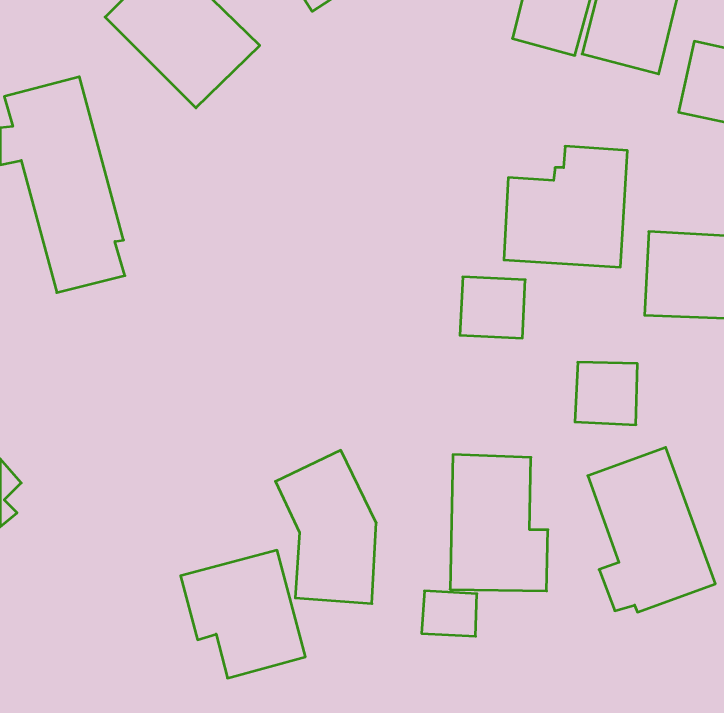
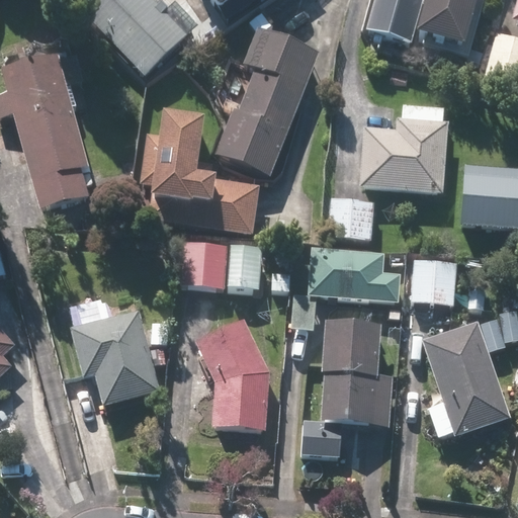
building: none -> [217,26,320,176]
building: none -> [141,115,259,229]
building: none -> [203,242,260,290]
building: none -> [307,248,400,299]
building: [181,550,305,678] -> [72,314,161,405]

